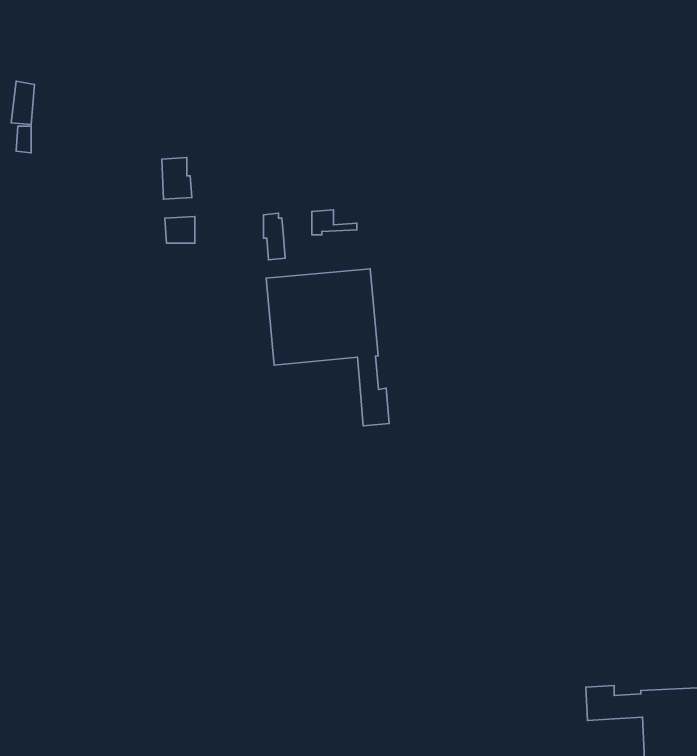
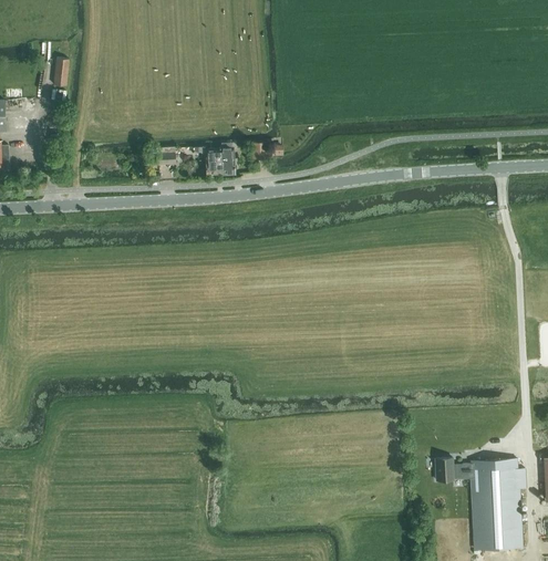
building: [162,158,192,199] -> [204,148,224,176]
building: [266,269,389,426] -> none

